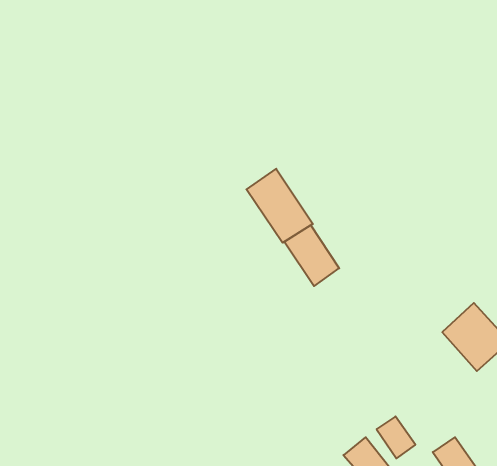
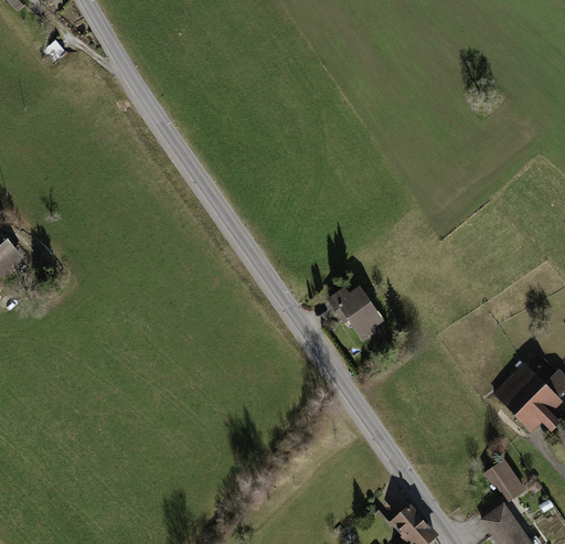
building: [246,169,313,243] -> none
building: [377,416,415,458] -> [484,458,525,502]

